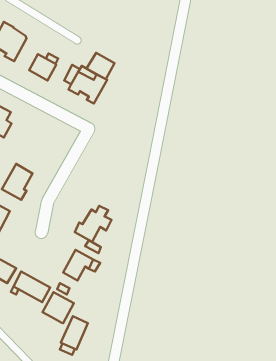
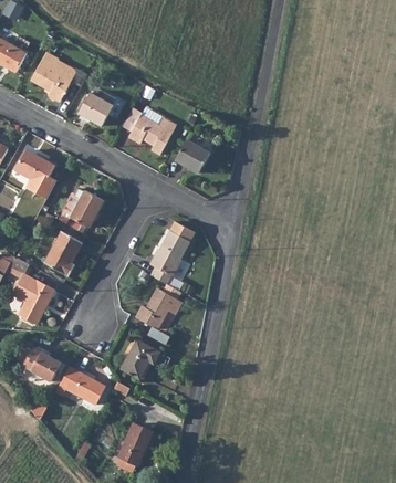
building: [87,53,115,79] -> [175,139,210,172]
building: none -> [59,189,104,228]
building: none -> [150,221,195,284]
building: [42,292,74,323] -> none

